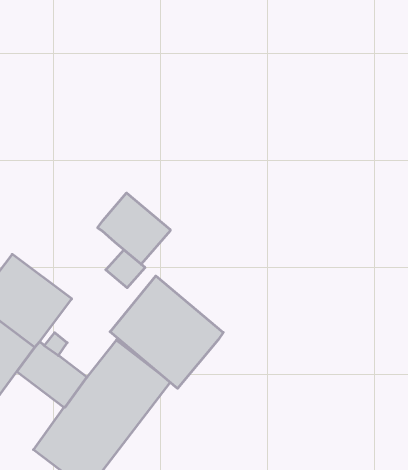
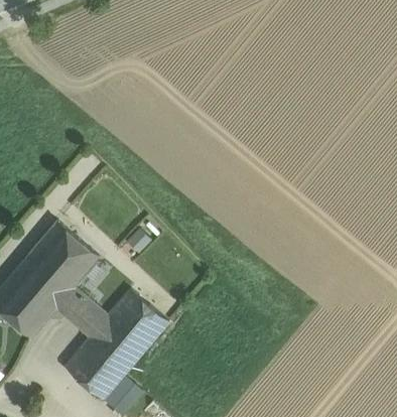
building: [98,193,170,264] -> none
building: [110,276,223,388] -> none

